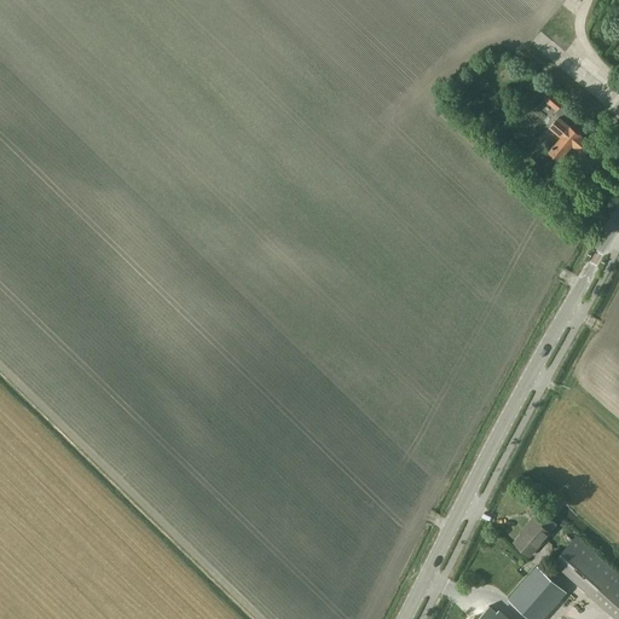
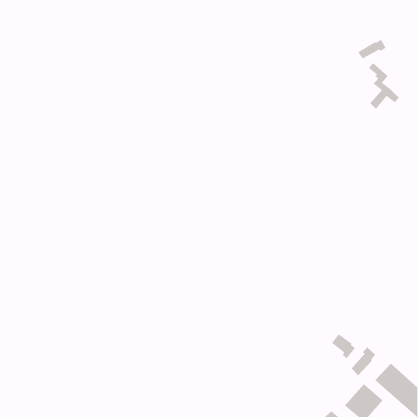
building: none -> [358,39,386,59]
building: none -> [331,333,355,359]

